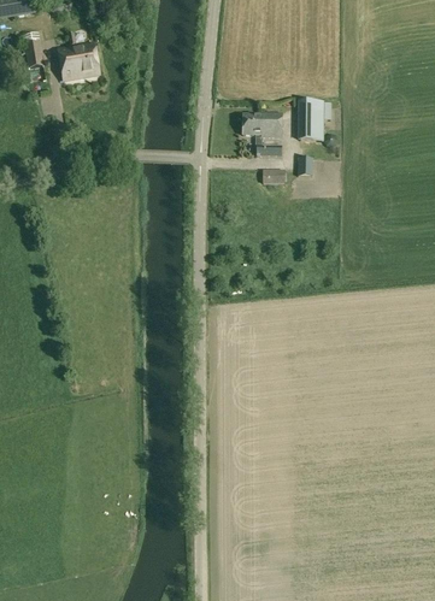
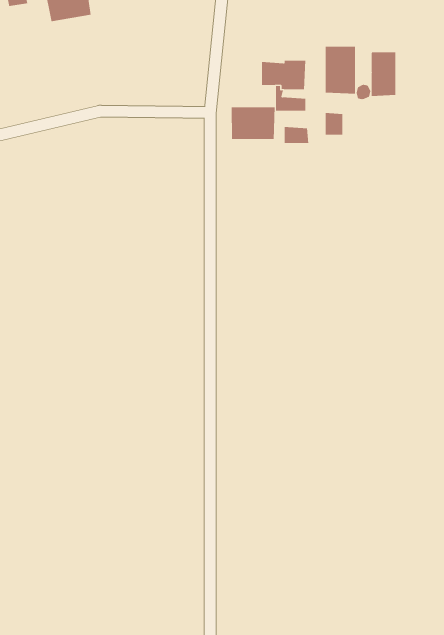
building: none -> [371,51,396,97]
building: none -> [231,106,275,140]

